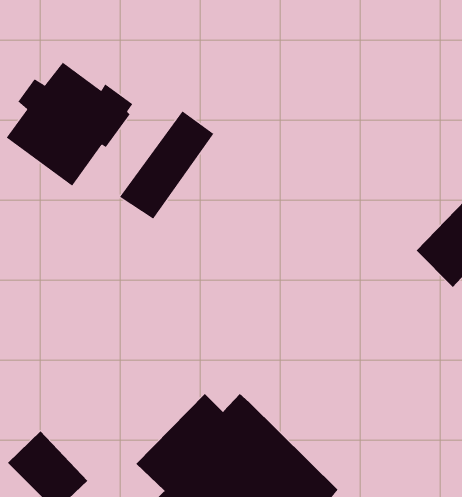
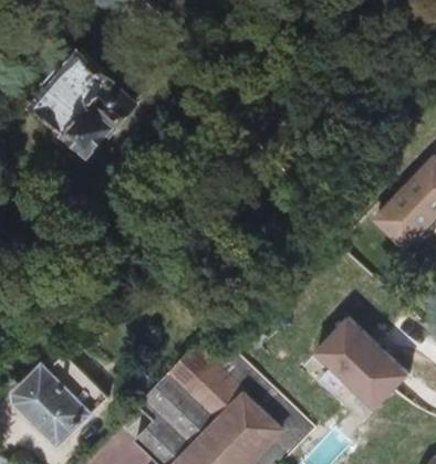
building: [119,111,214,219] -> none
building: none -> [313,316,407,407]

